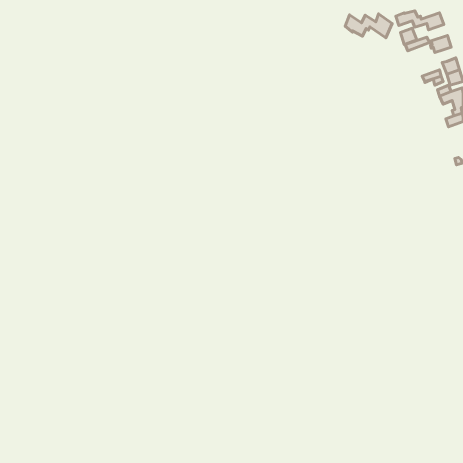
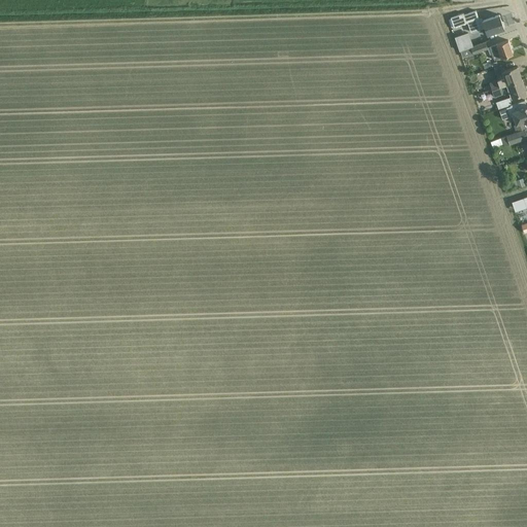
building: [345,14,392,38] -> none

